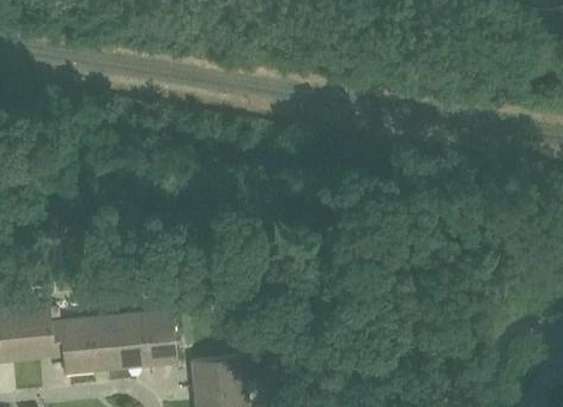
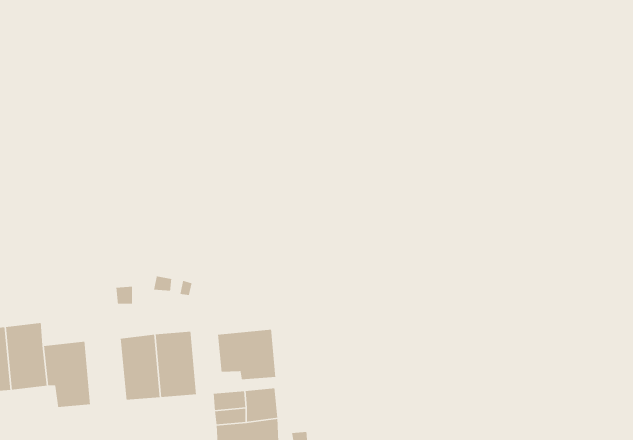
building: none -> [217,329,276,380]
building: [90,315,123,370] -> none

